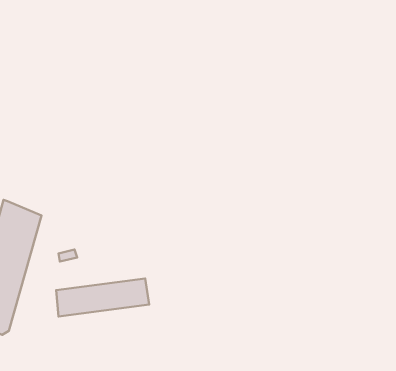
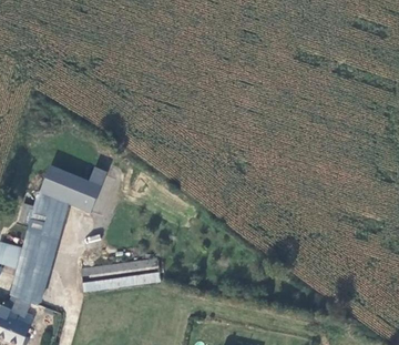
building: none -> [40,166,105,213]

